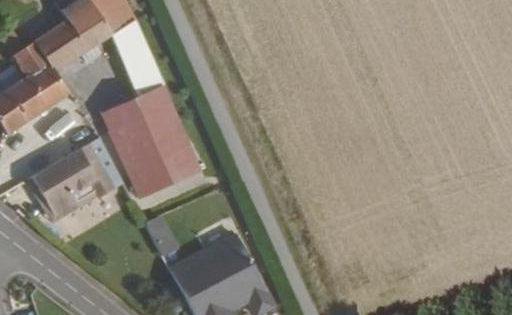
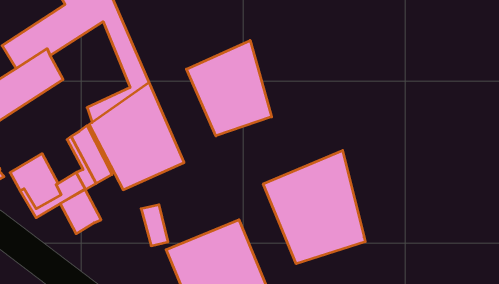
building: none -> [186,40,272,136]
building: [50,152,91,196] -> [60,190,101,234]
building: none -> [263,150,365,264]

